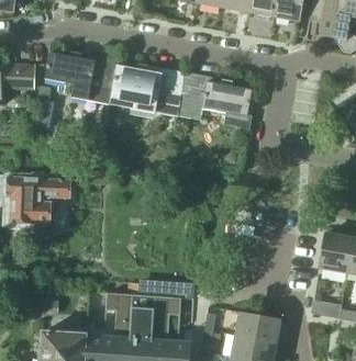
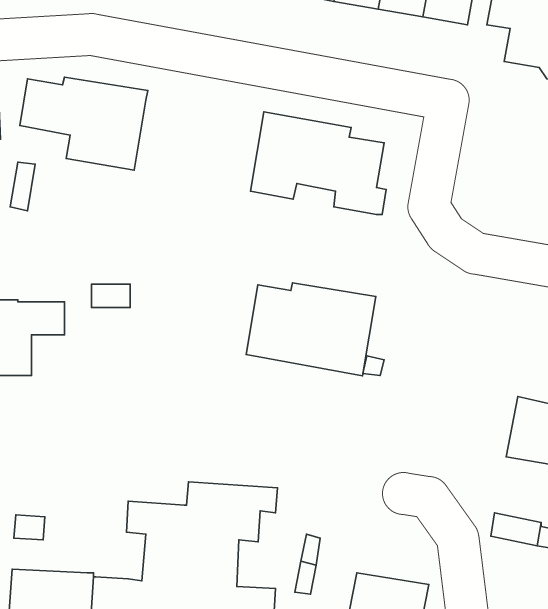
building: [109,64,182,116] -> [246,283,376,376]
building: [235,311,280,339] -> none

